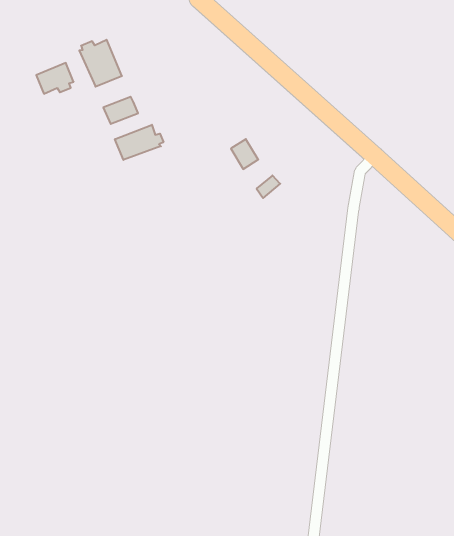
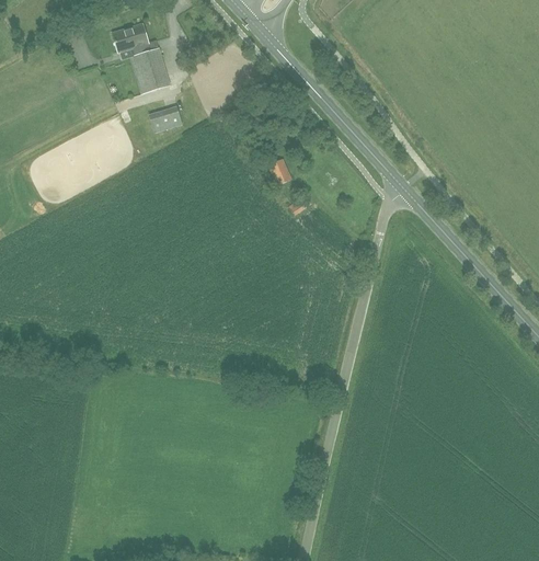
building: [36,63,74,94] -> [113,24,148,51]
building: [115,125,163,160] -> none

